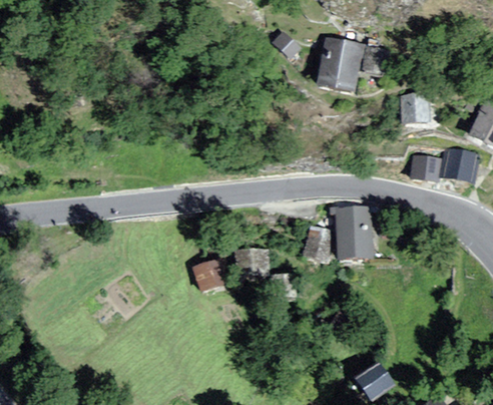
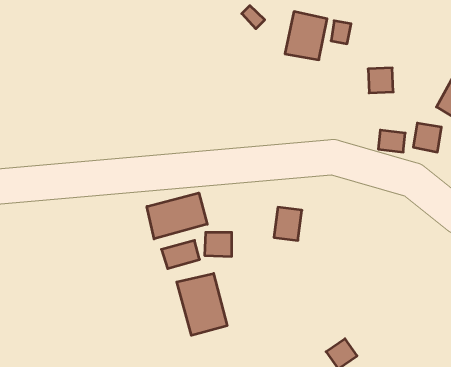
building: [341,209,372,262] -> none
building: none -> [147,193,207,239]
building: none -> [177,273,227,335]

